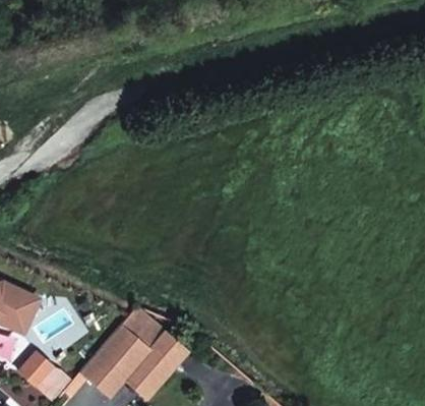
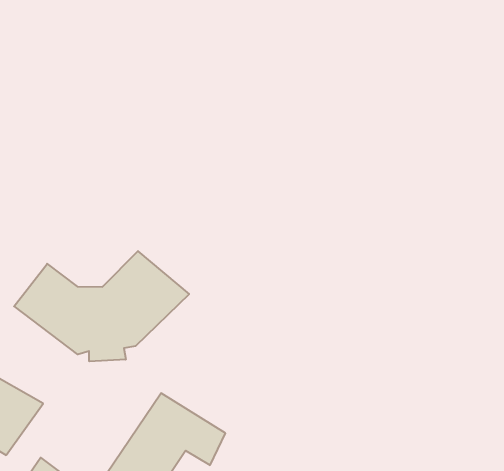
building: none -> [14,251,189,361]

